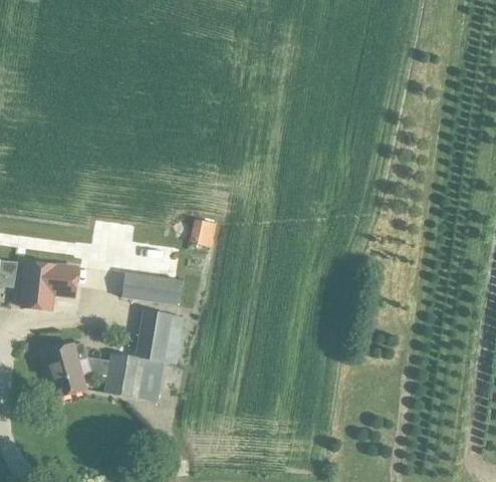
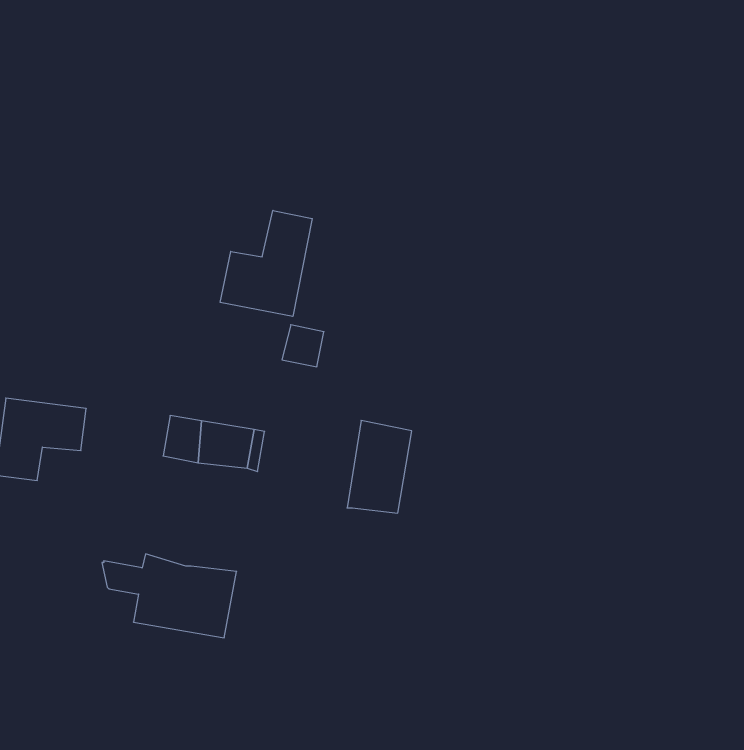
building: none -> [220,210,312,316]
building: [136,308,173,362] -> [347,420,412,513]
building: [44,341,88,399] -> none

